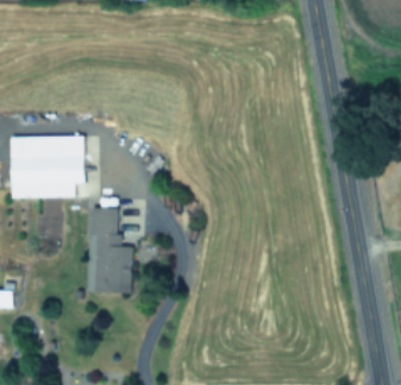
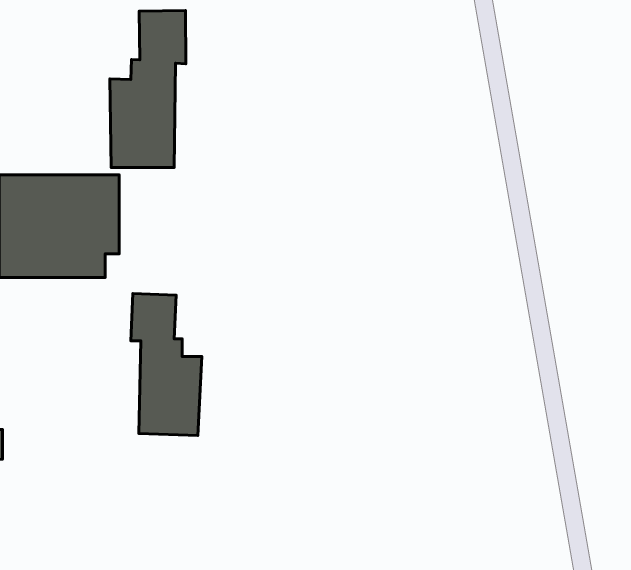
building: none -> [110,11,186,167]

